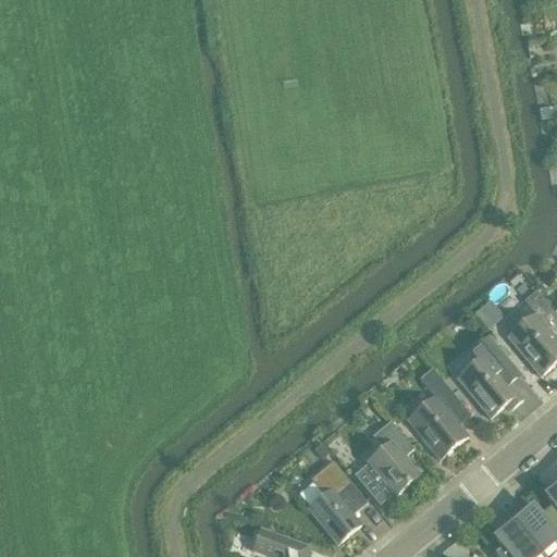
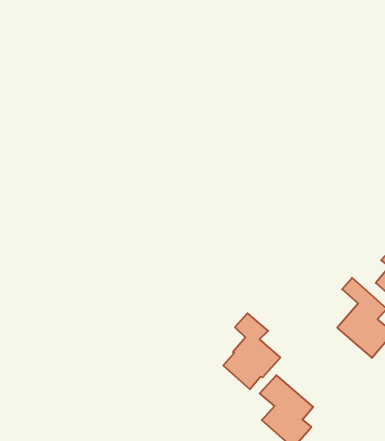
building: [354,421,418,505] -> [223,313,280,389]

